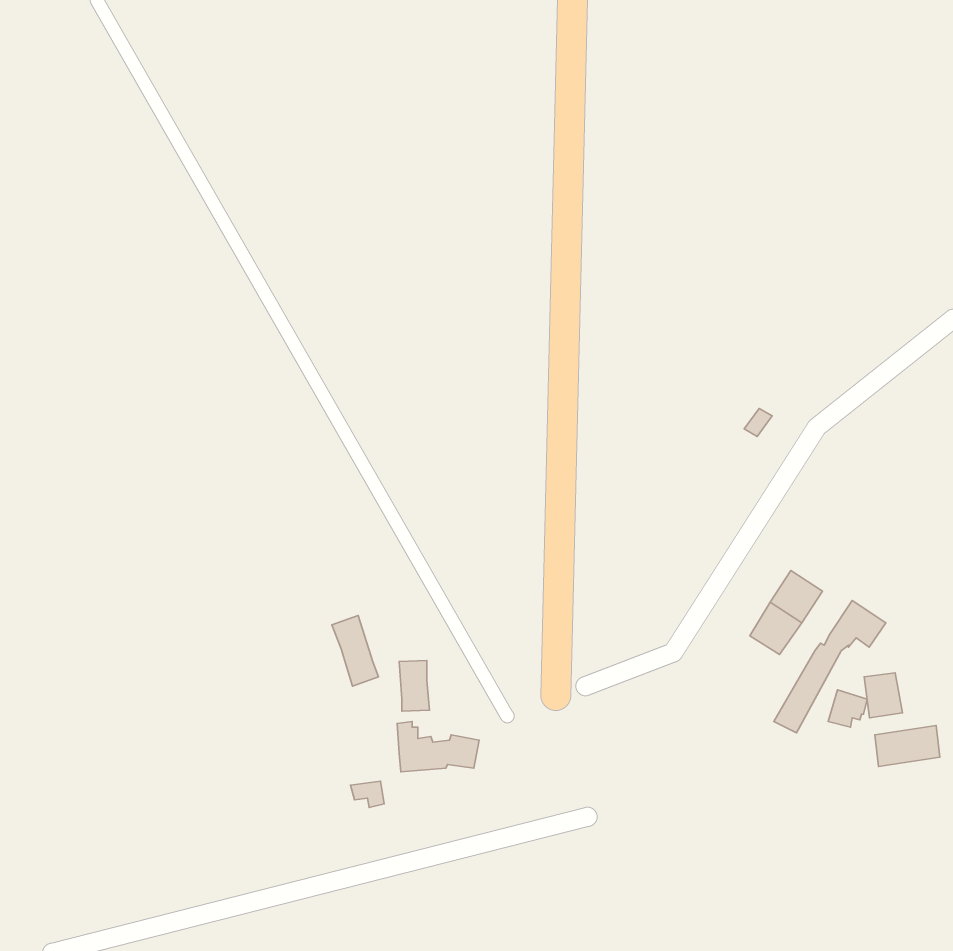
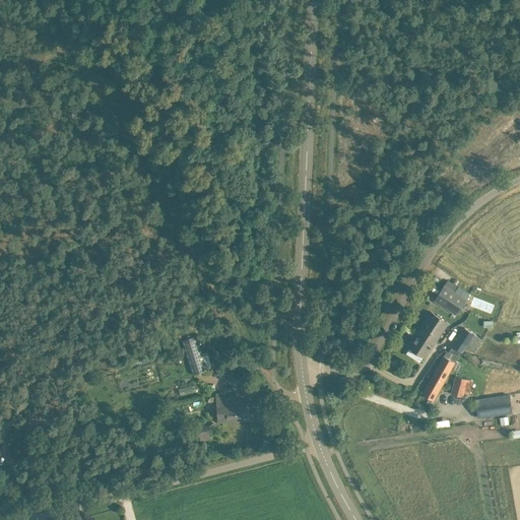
building: none -> [434,286,466,316]
building: [399,661,429,711] -> none
building: [864,673,903,718] -> none

